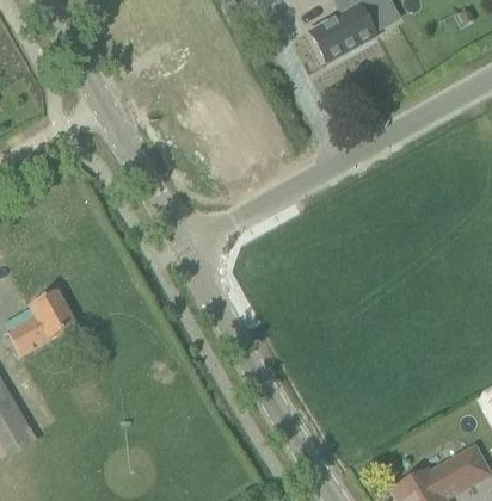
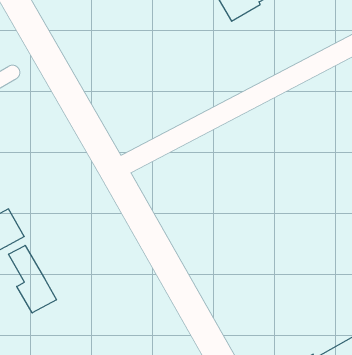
building: none -> [9,245,56,313]

